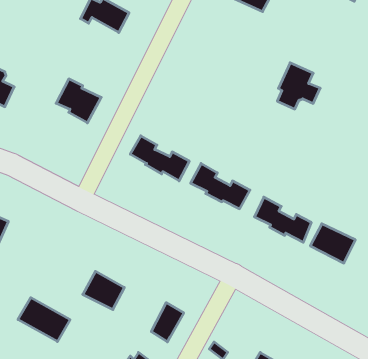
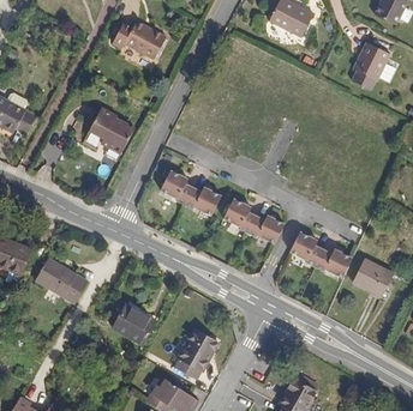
building: [277,63,320,109] -> [347,38,391,86]
building: [18,298,70,342] -> [36,258,90,303]

